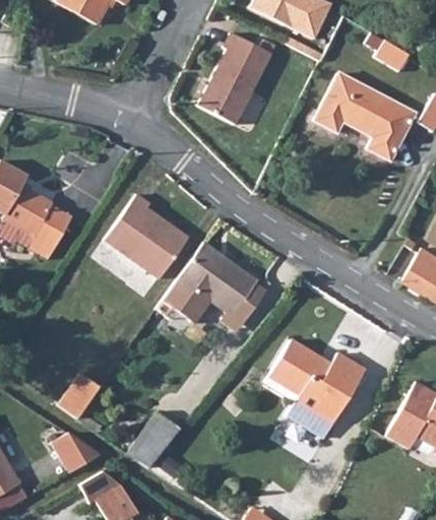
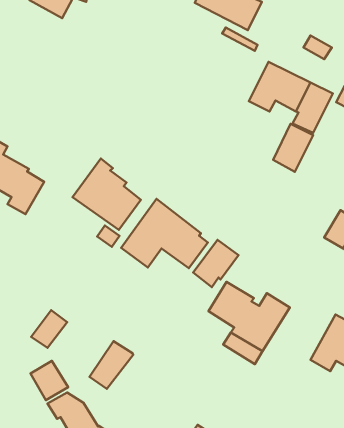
building: [199,35,271,127] -> none
building: none -> [273,124,313,172]
building: none -> [193,240,238,287]

